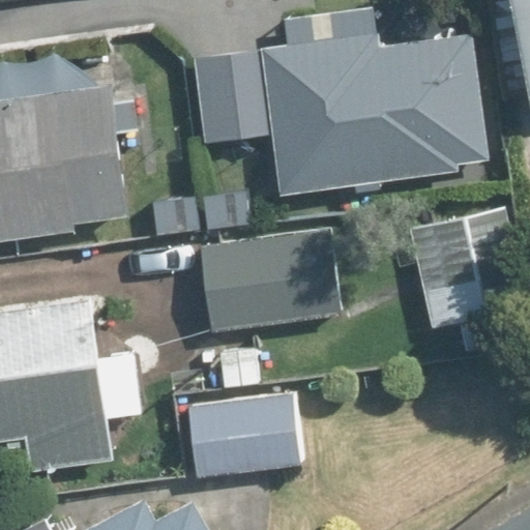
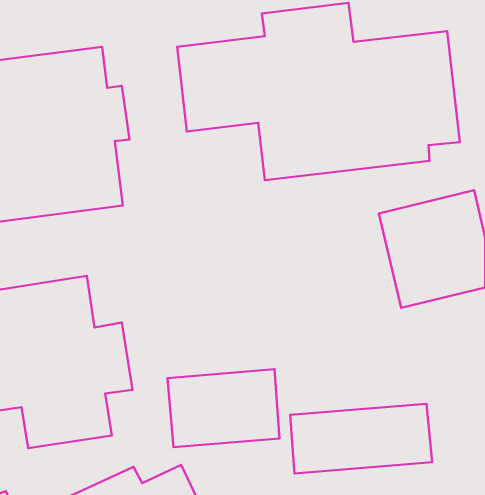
building: [199,231,343,330] -> none
building: none -> [290,404,432,473]

